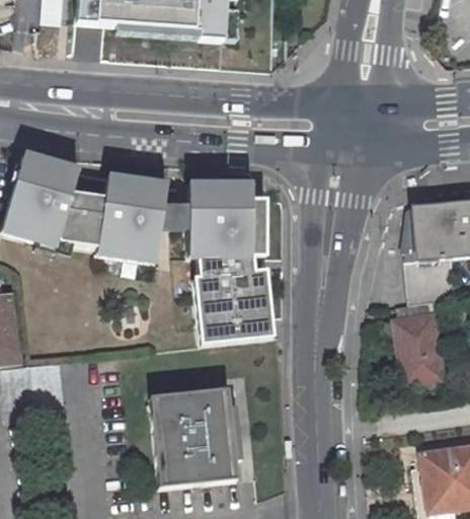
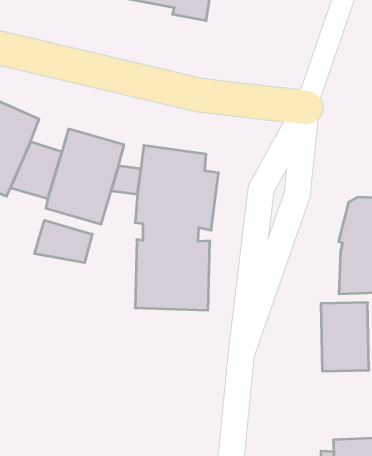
building: none -> [35,220,92,263]
building: [147,382,238,485] -> none

